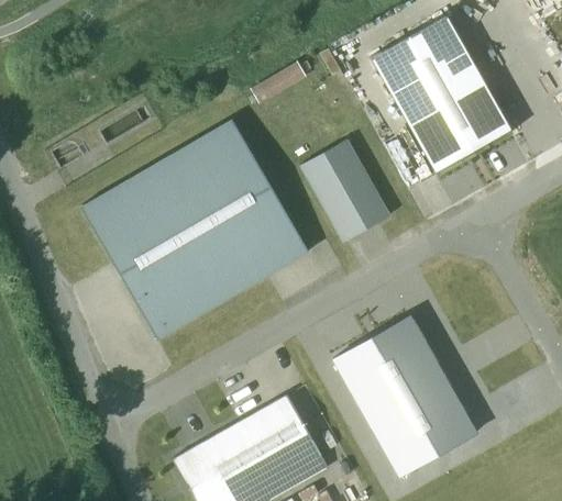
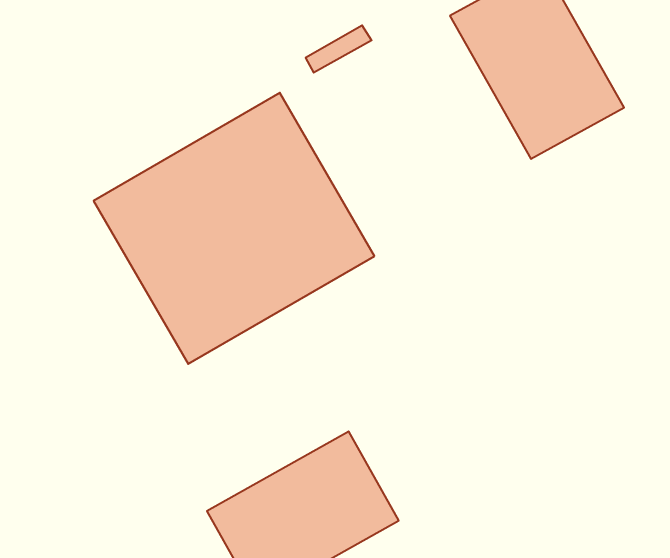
building: [300,138,389,240] -> none
building: [333,315,476,476] -> none

